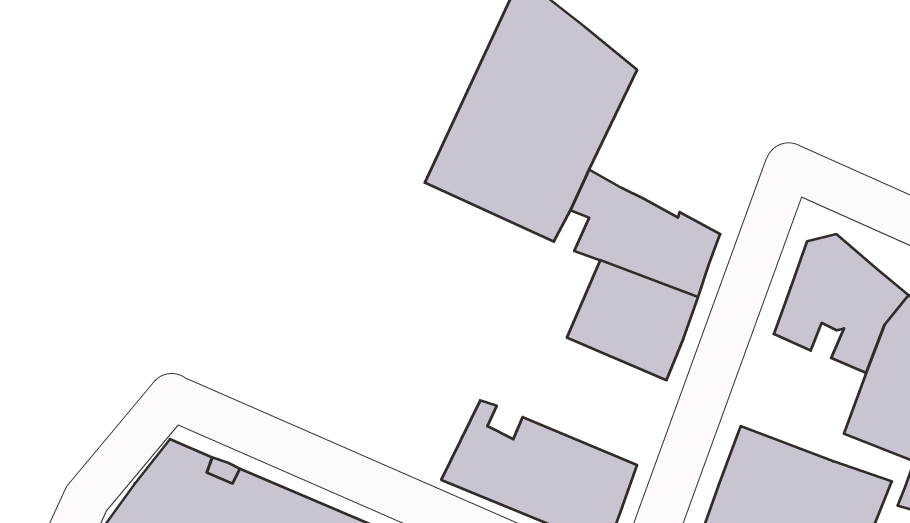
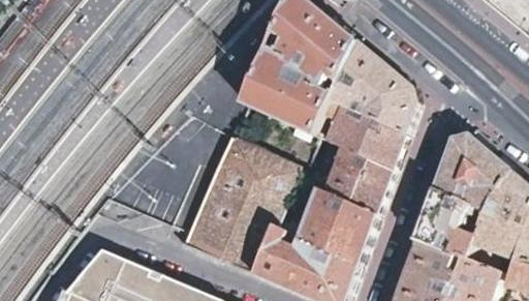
building: none -> [333,41,417,133]
building: none -> [178,134,299,271]
building: none -> [295,189,376,263]
building: none -> [417,189,488,261]

